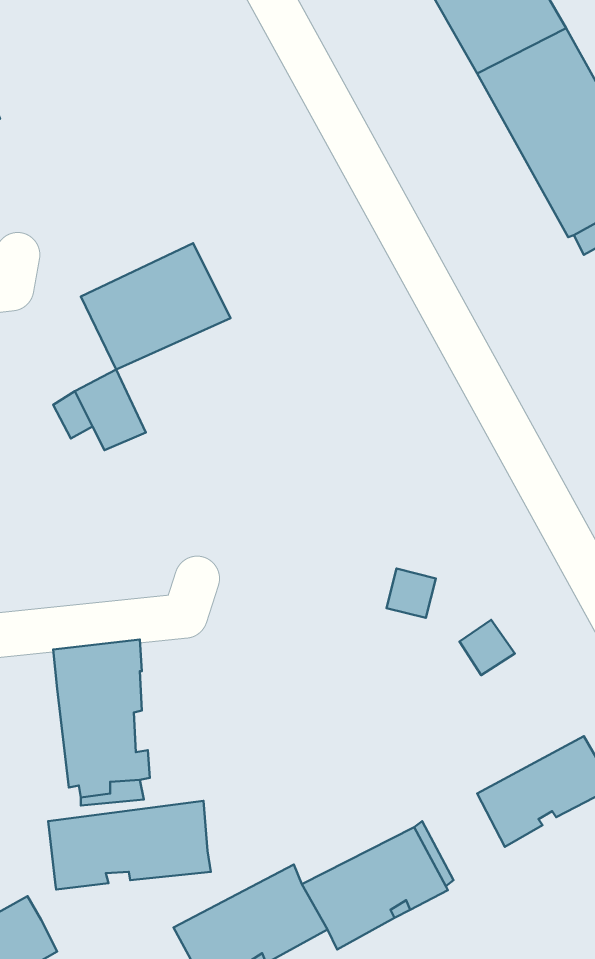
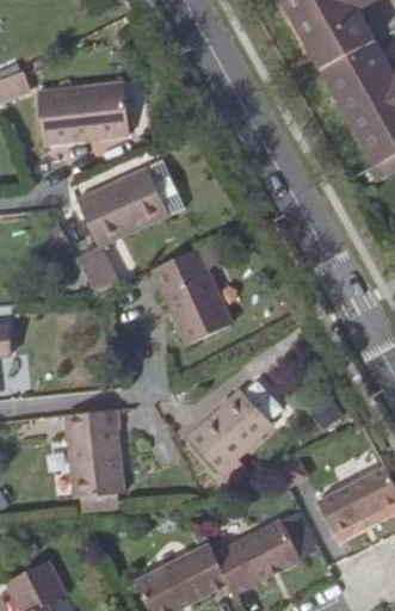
building: none -> [38,81,130,141]
building: none -> [150,247,229,345]
building: none -> [187,388,273,482]
building: [48,801,211,889] -> none

